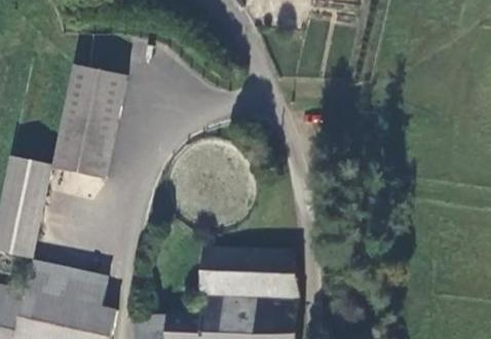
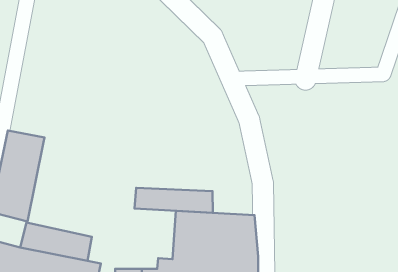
building: [50,62,125,178] -> none
building: none -> [134,188,213,213]

